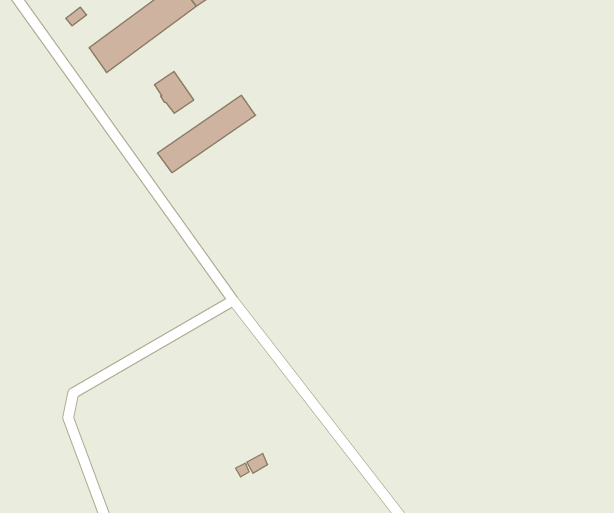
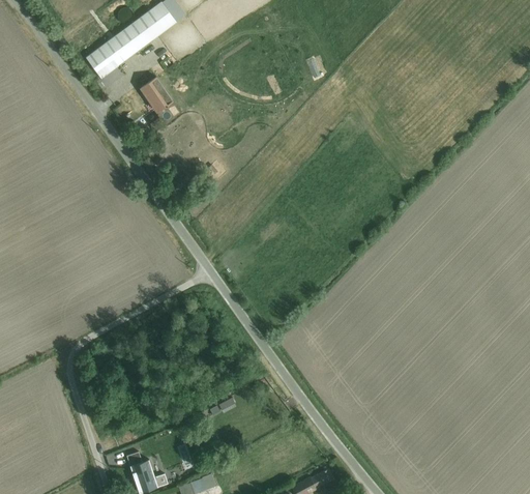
building: [158,95,256,173] -> none

